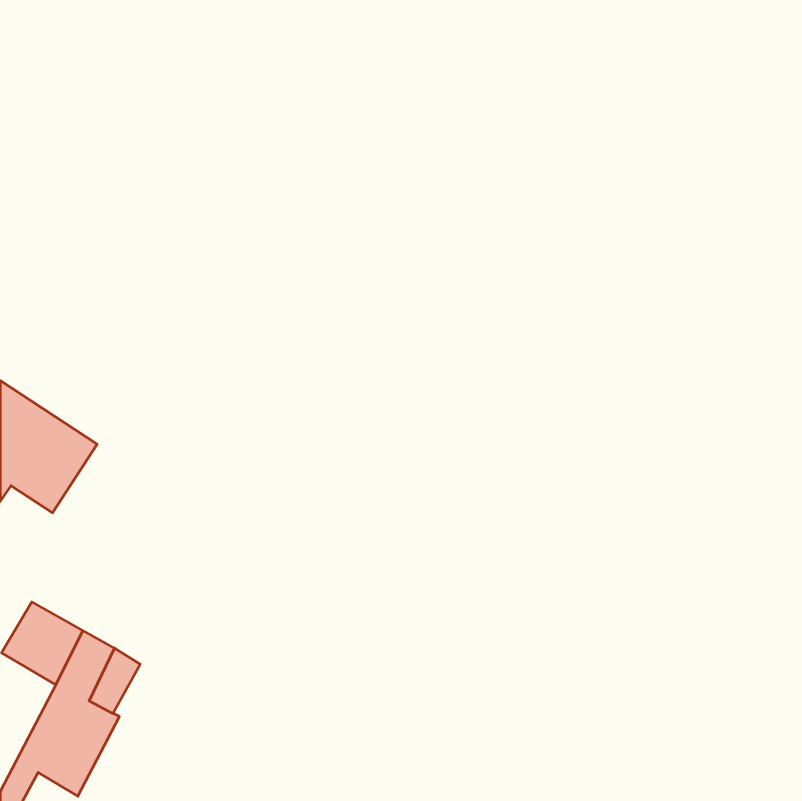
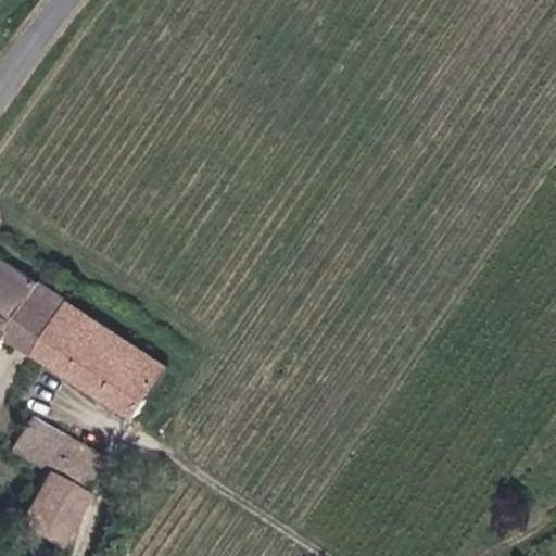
building: none -> [43,312,175,425]

